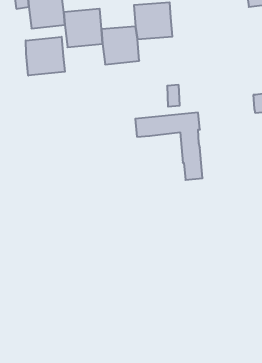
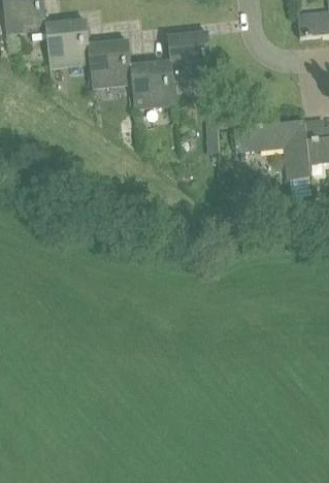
building: [26,37,65,76] -> none
building: [135,113,203,180] -> [233,119,310,196]

